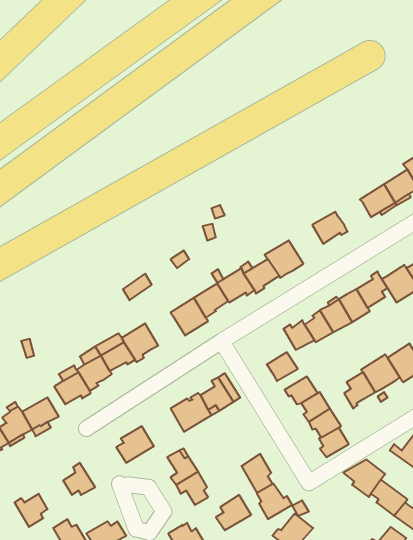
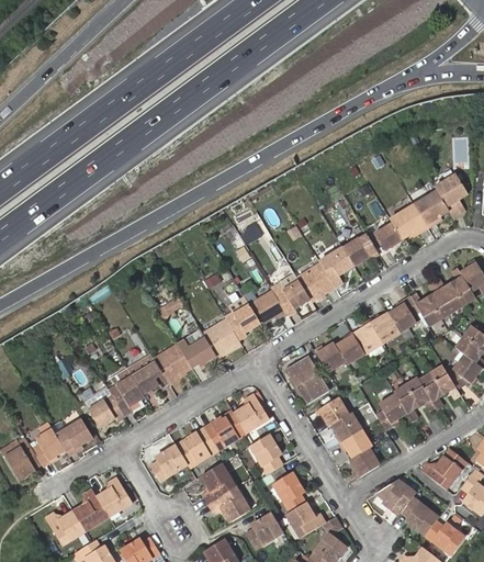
building: none -> [369,223,402,249]
building: none -> [319,246,354,284]
building: none -> [178,328,216,366]
building: none -> [288,355,318,384]
building: none -> [175,428,216,468]
building: none -> [248,435,280,474]
building: none -> [72,494,108,528]

